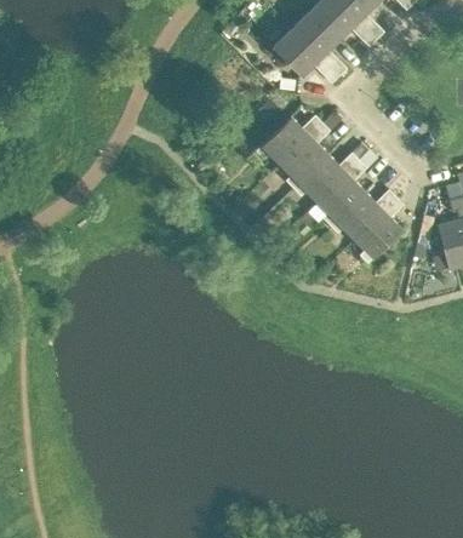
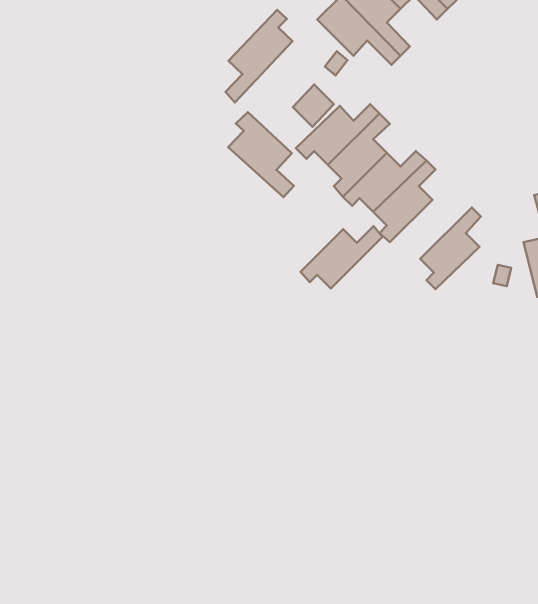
building: none -> [226,10,292,103]
building: none -> [228,112,294,197]
building: [330,189,395,239] -> [301,226,383,288]

